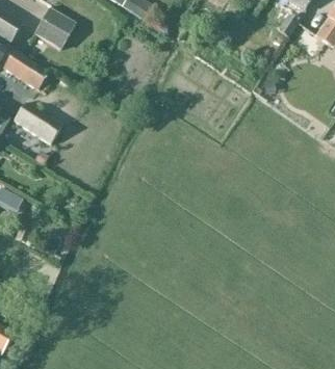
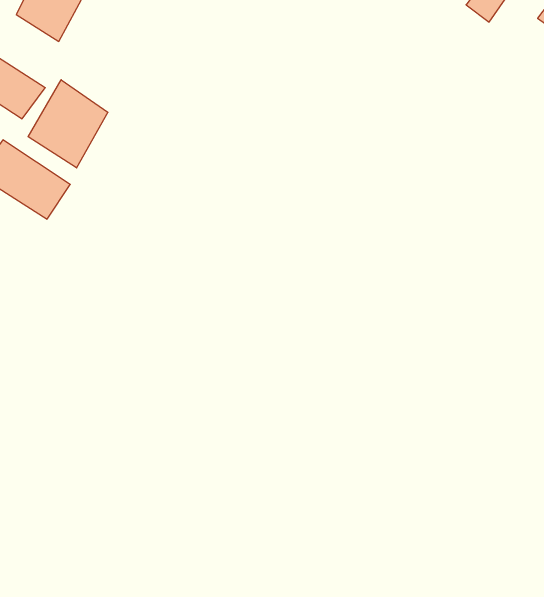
building: none -> [28,80,108,168]

